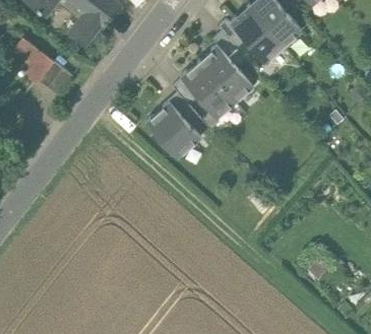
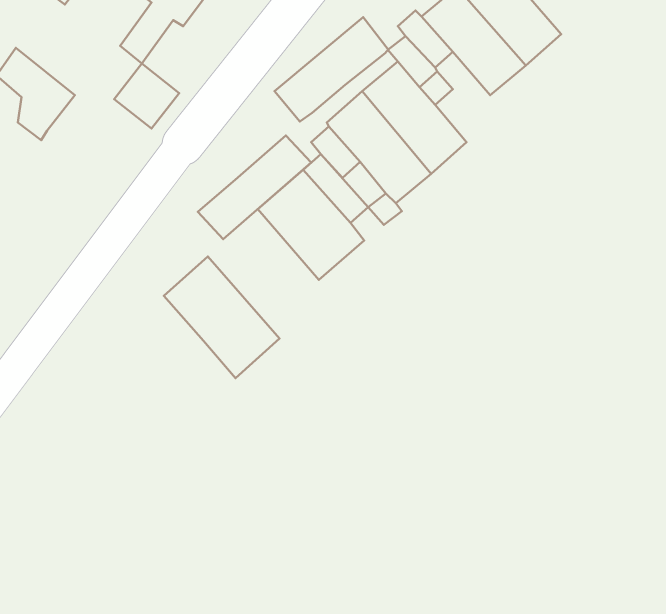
building: none -> [274,17,388,122]
building: [37,62,70,95] -> [114,64,179,129]
building: none -> [198,135,311,239]
building: none -> [164,256,279,378]

